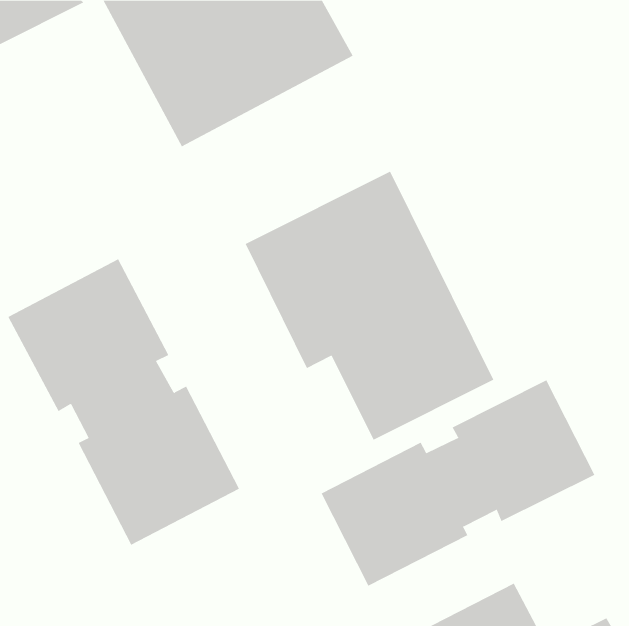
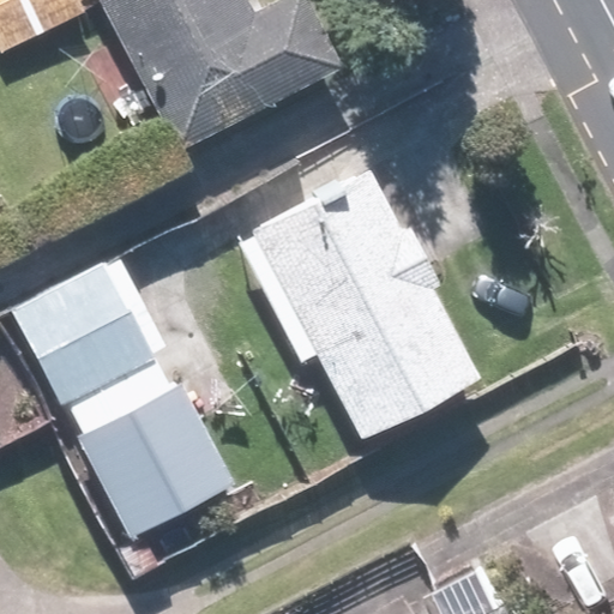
building: [321,380,595,586] -> none

